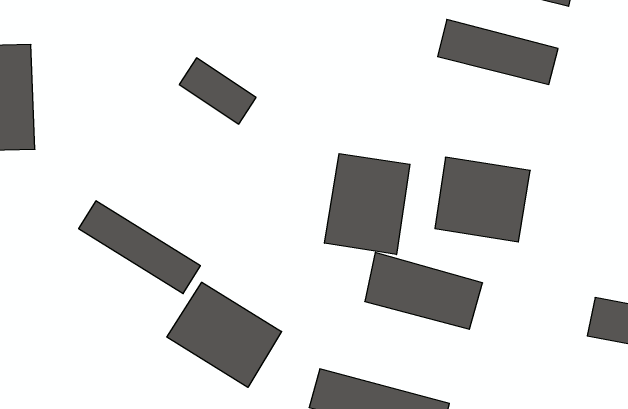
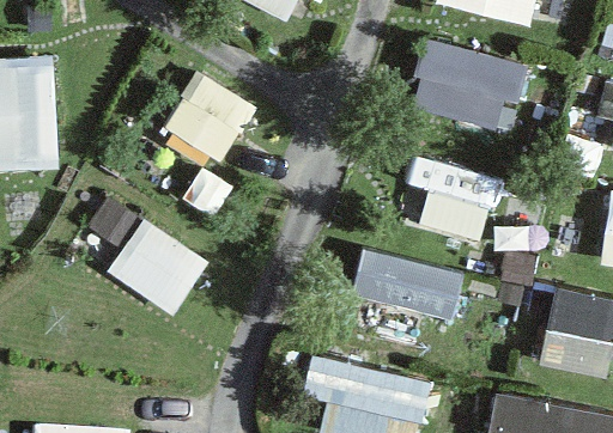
building: [325,154,410,255] -> none
building: [167,282,282,387] -> none

